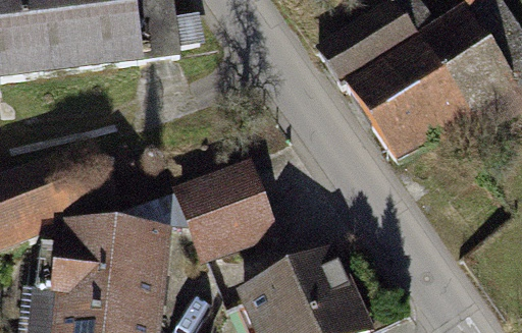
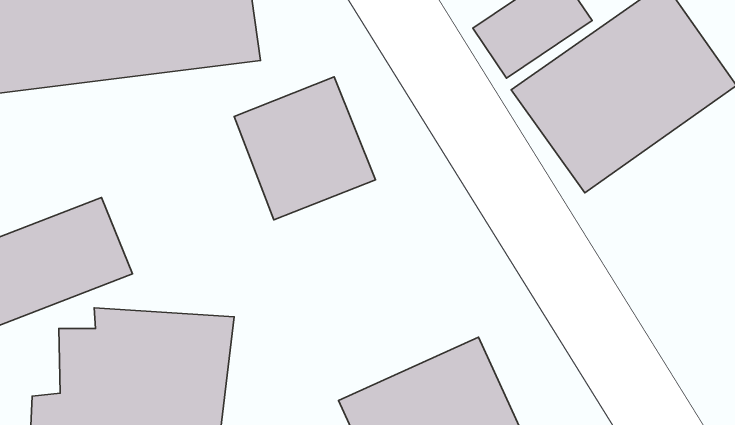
building: [178,158,276,257] -> [234,77,375,220]

